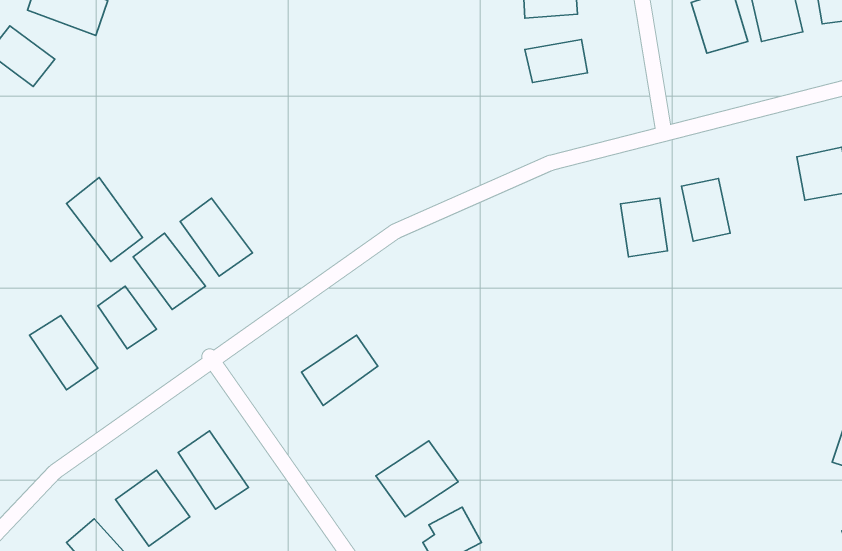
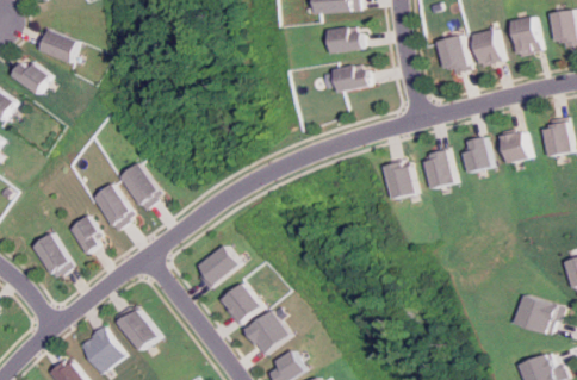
building: none -> [464,136,491,170]
building: [66,177,143,262] -> none
building: none -> [218,282,260,323]

